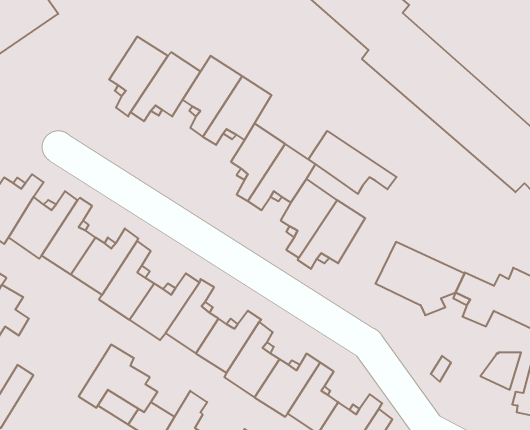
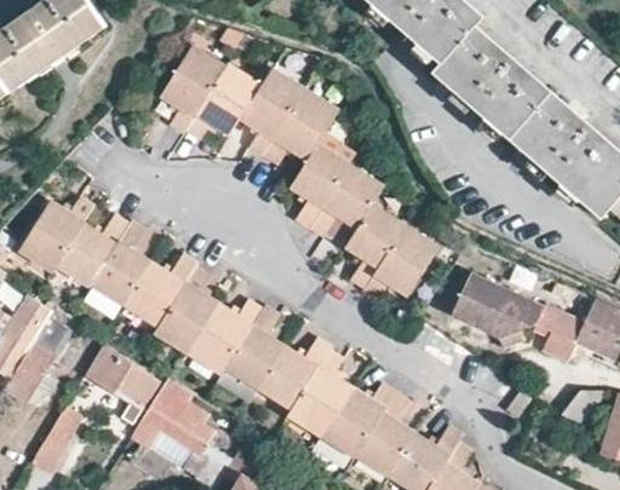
building: [309,131,397,194] -> none
building: none -> [90,347,157,423]

